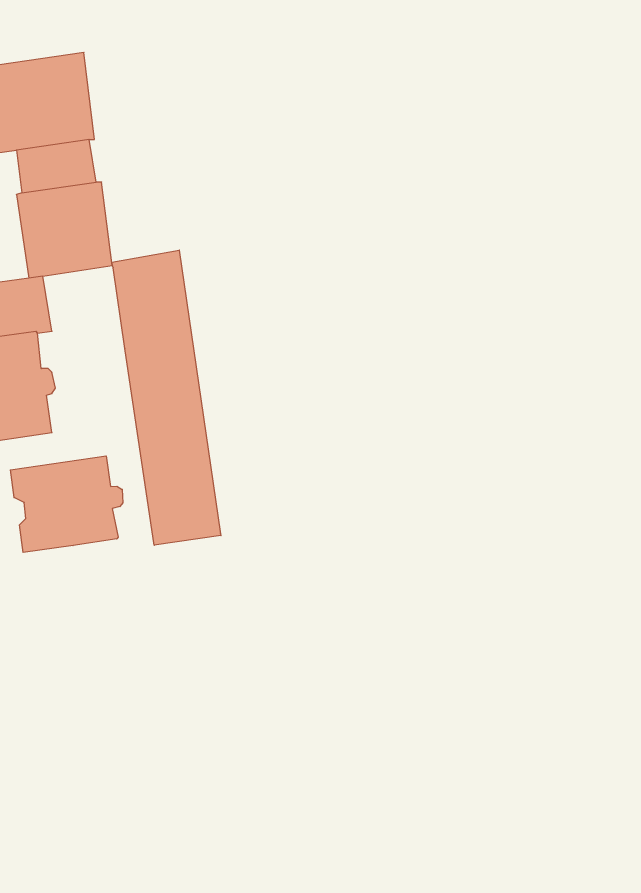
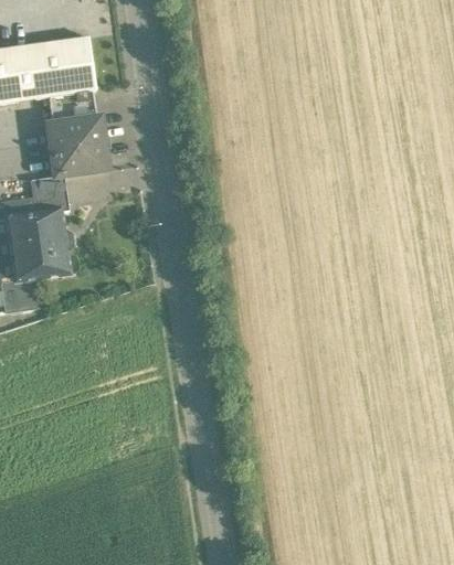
building: [112,250,221,545] -> none
building: [10,456,123,552] -> none

